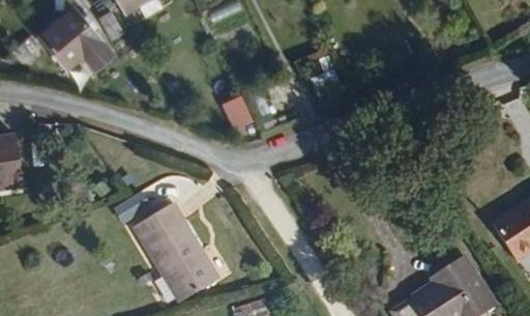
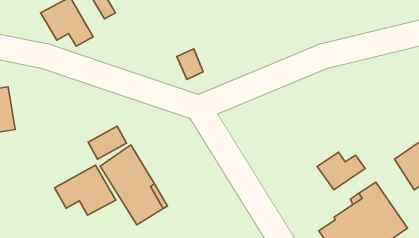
building: none -> [317,152,365,190]
building: none -> [54,165,116,215]

